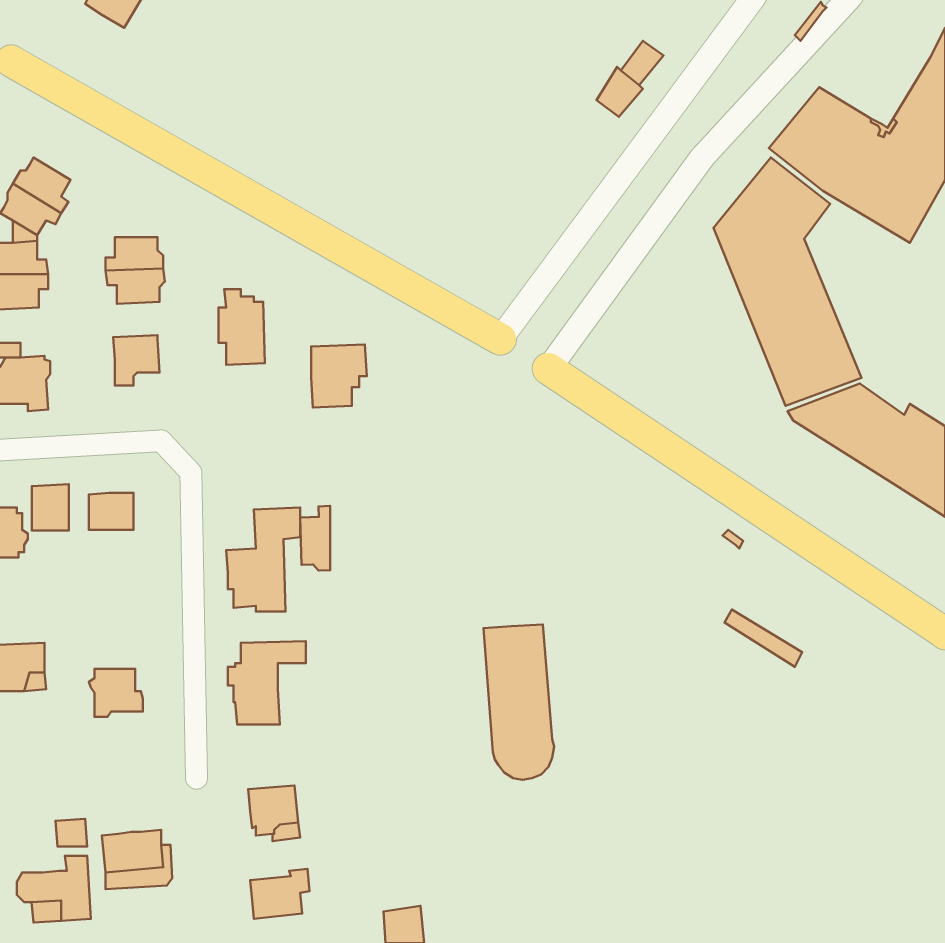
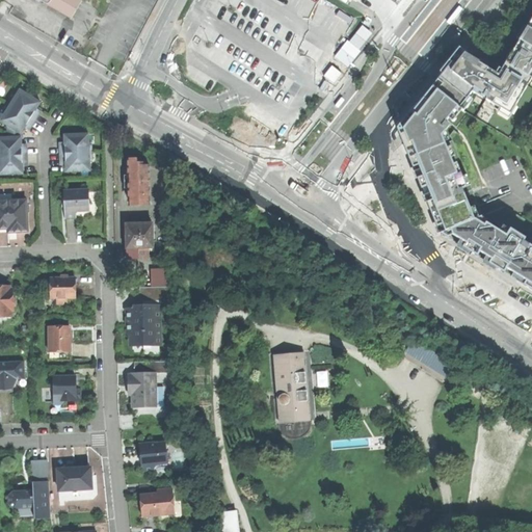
building: [311,345,367,408] -> [125,227,156,262]
building: [32,484,69,531] -> [49,324,70,350]
building: [300,506,330,571] -> none

